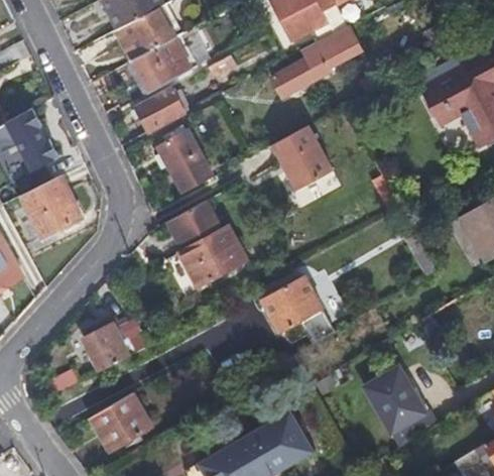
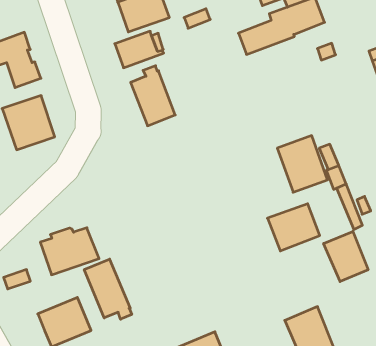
building: [272,125,333,191] -> [277,136,328,192]
building: [167,201,247,287] -> none
building: [262,276,323,333] -> [267,204,320,251]
building: none -> [324,231,368,282]
building: none -> [84,259,132,319]

